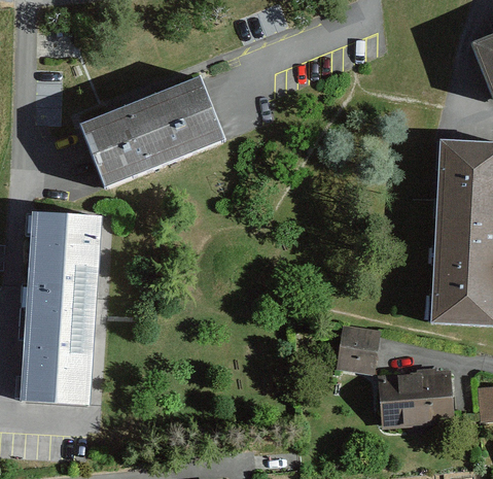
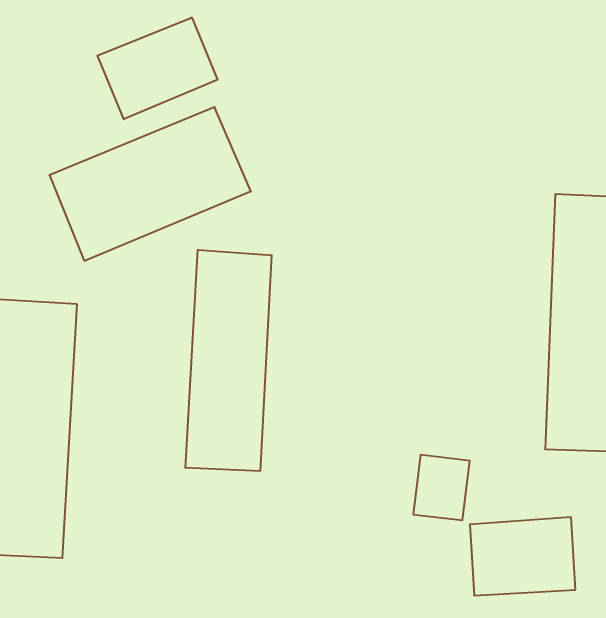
building: none -> [97,17,218,119]
building: none -> [186,250,272,471]

